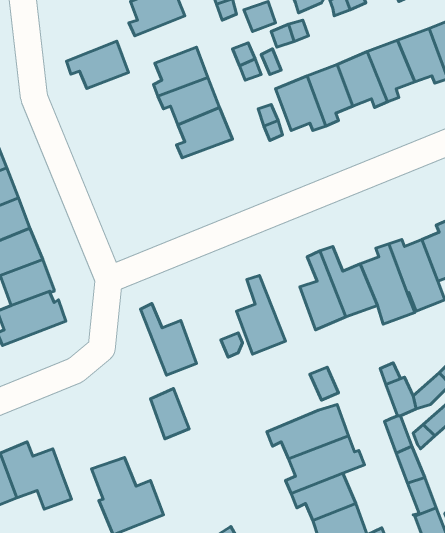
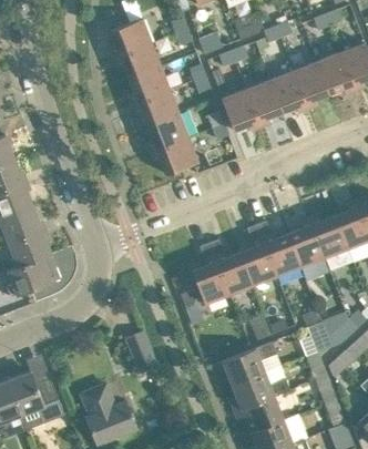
building: [67,41,128,88] -> [113,42,161,79]
building: none -> [150,137,197,174]
building: [140,303,196,375] -> [209,238,253,294]

